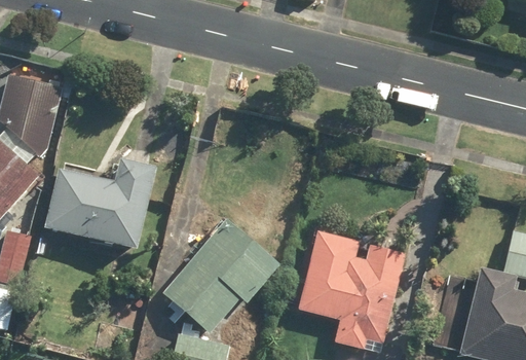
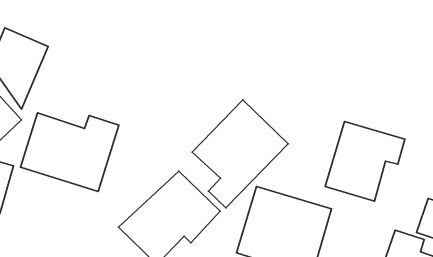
building: none -> [192,100,288,208]
building: none -> [325,121,405,201]

